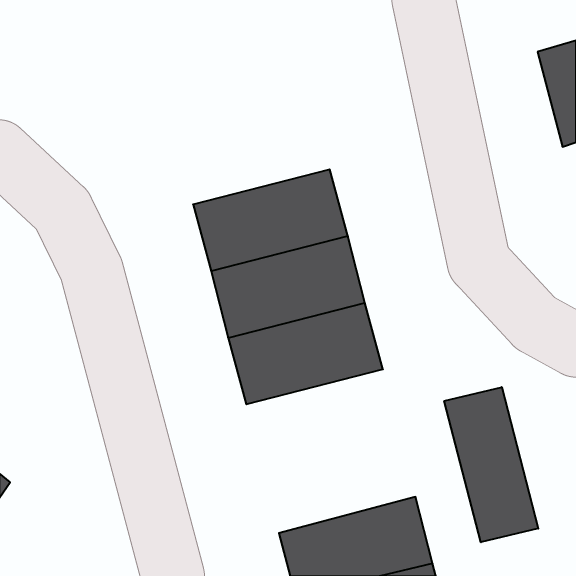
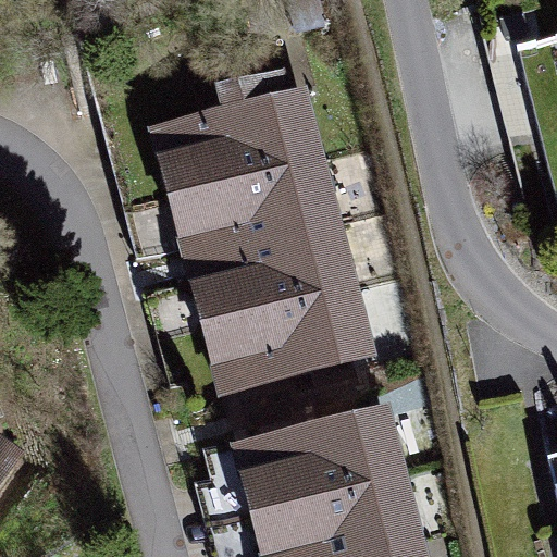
building: none -> [170,79,318,197]
building: [444,387,538,542] -> none
building: none -> [251,416,400,513]

